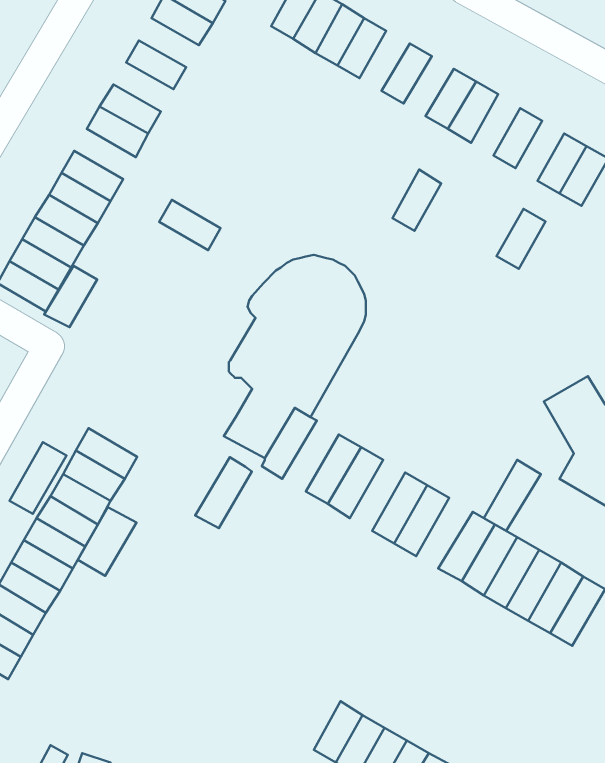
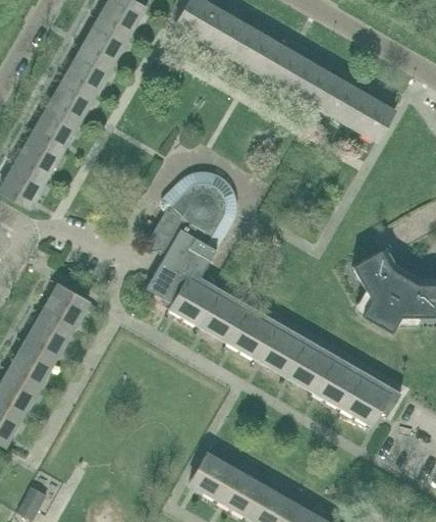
building: none -> [91,18,129,50]
building: none -> [233,27,266,65]
building: none -> [262,43,294,82]
building: none -> [74,47,113,79]
building: [392,169,441,231] -> [306,67,337,107]
building: [159,200,221,250] -> [49,90,89,122]
building: [497,209,545,269] -> [334,85,366,123]
building: [44,266,97,327] -> none
building: [9,442,66,514] -> none
building: [195,457,252,528] -> [183,278,220,324]
building: none -> [227,304,263,350]
building: [484,460,541,531] -> [270,328,307,374]
building: [78,507,136,576] -> none
building: none -> [188,452,221,491]

